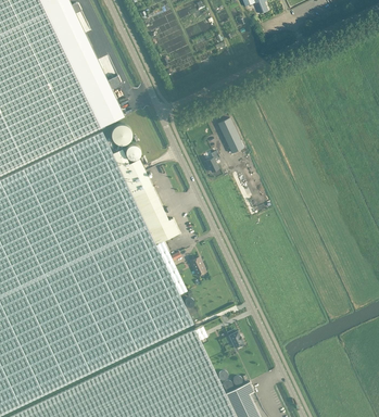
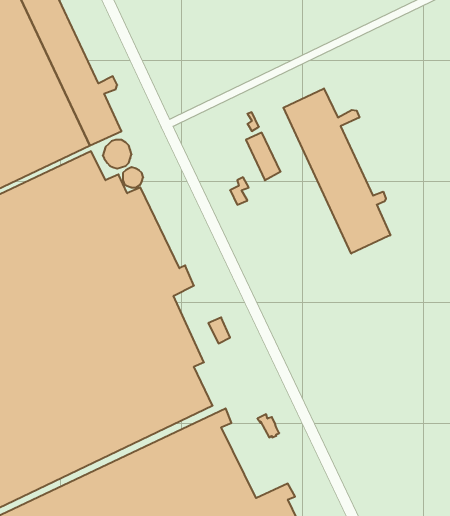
building: none -> [283,88,390,254]

